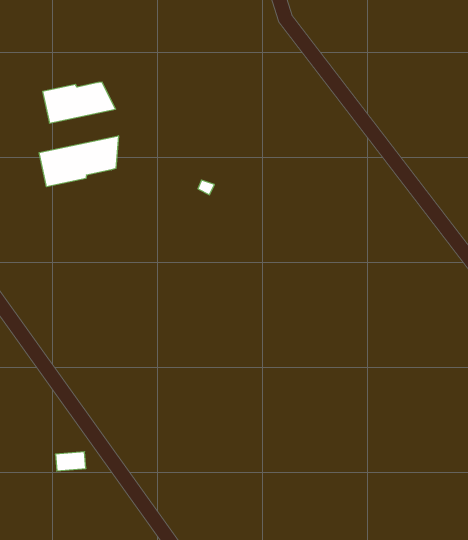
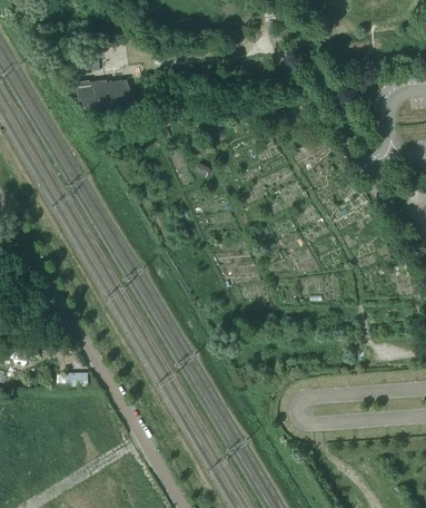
building: [39,136,118,187] -> none

